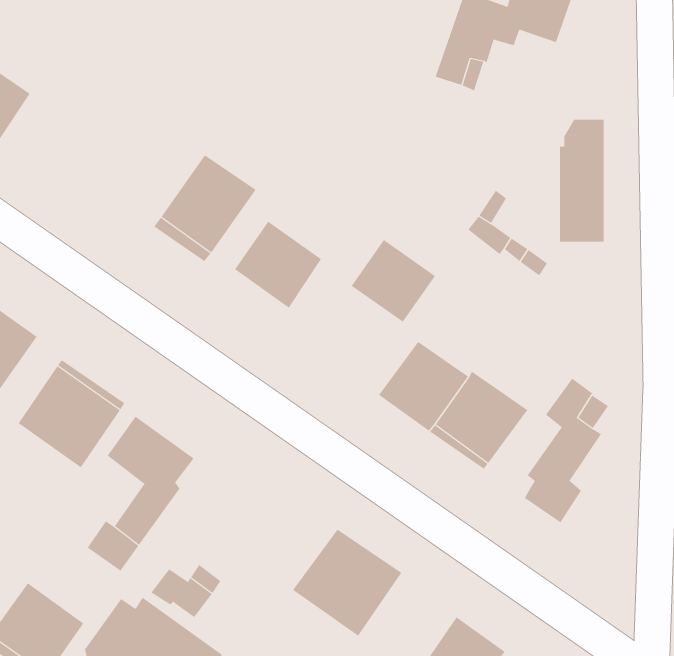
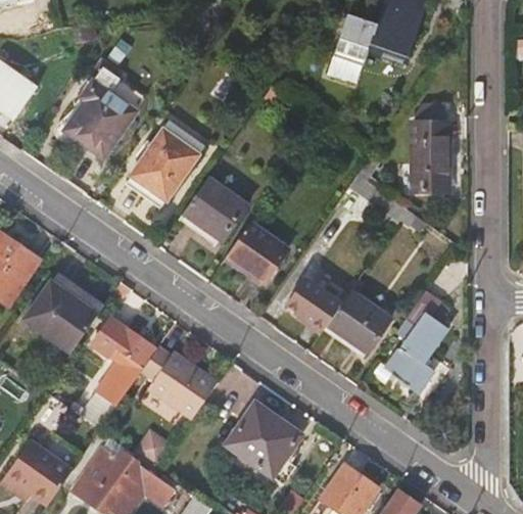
building: none -> [66,80,135,153]
building: [351,239,436,323] -> [226,222,287,282]
building: none -> [142,347,219,420]

